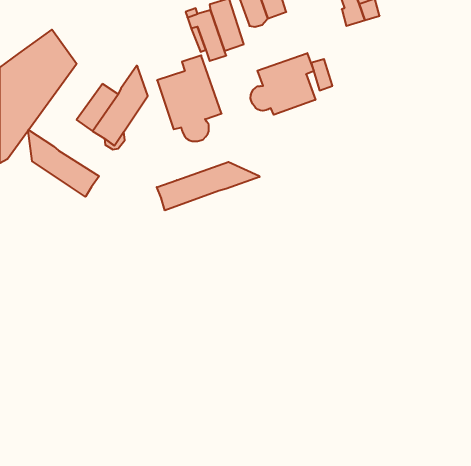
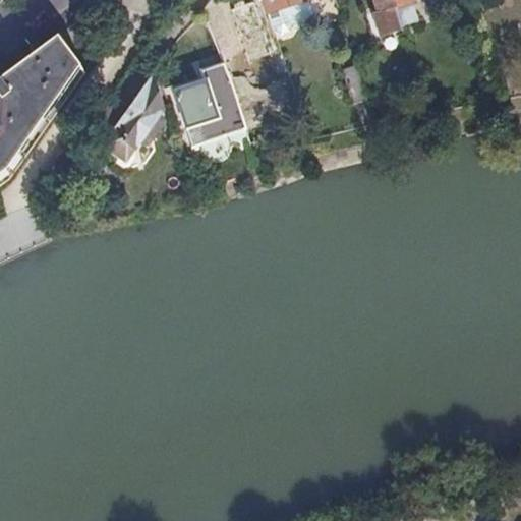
building: [251,53,315,115] -> none
building: [28,130,99,197] -> none
building: [157,162,260,210] -> none

